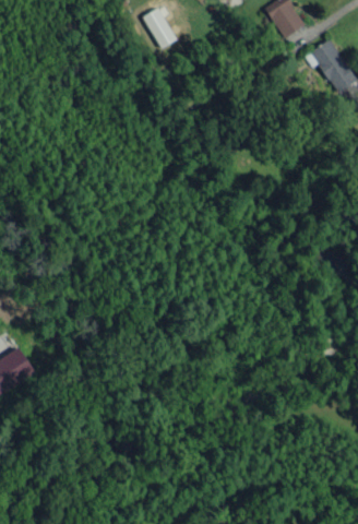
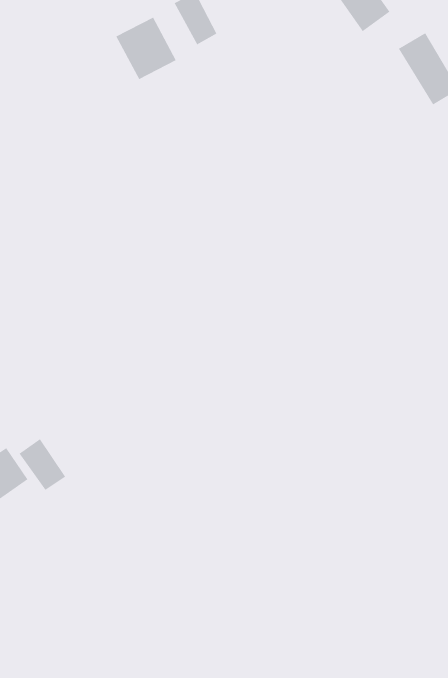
building: none -> [115,17,177,80]
building: none -> [18,438,66,491]

